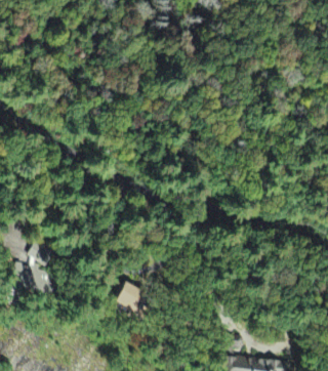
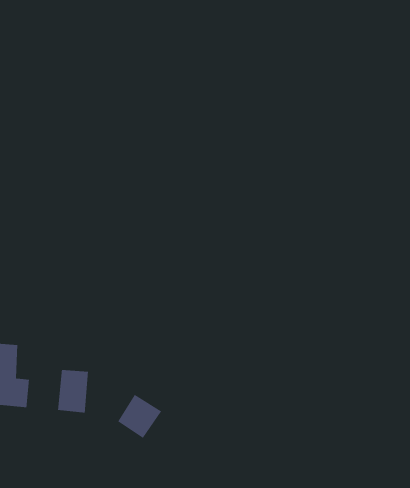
building: none -> [57,369,89,413]

